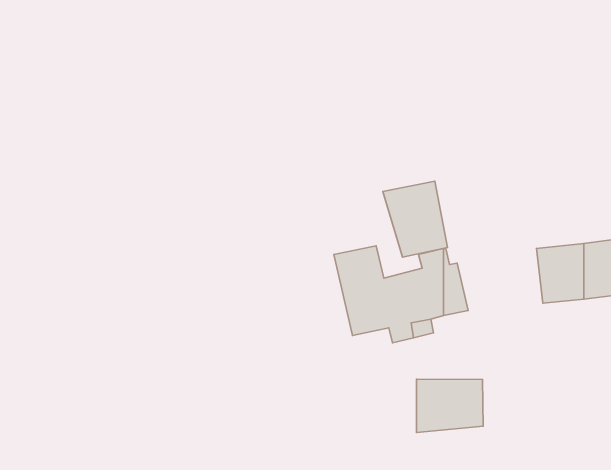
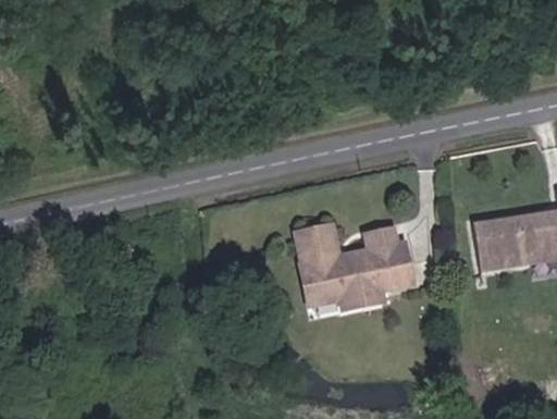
building: [383,181,447,257] -> none
building: [416,379,483,433] -> none

